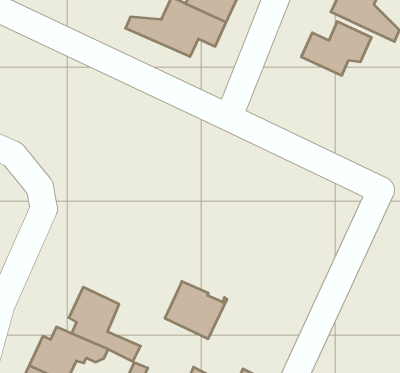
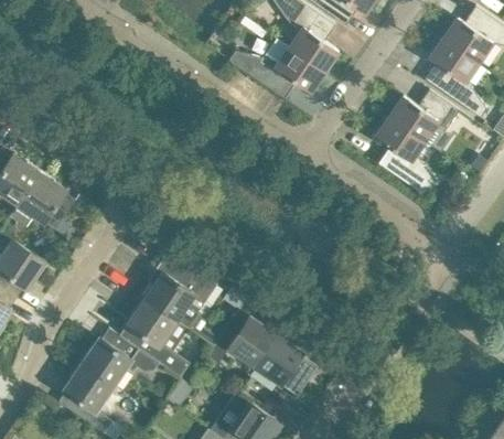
building: none -> [375,117,433,195]
building: none -> [146,251,225,345]
building: none -> [255,333,313,396]

